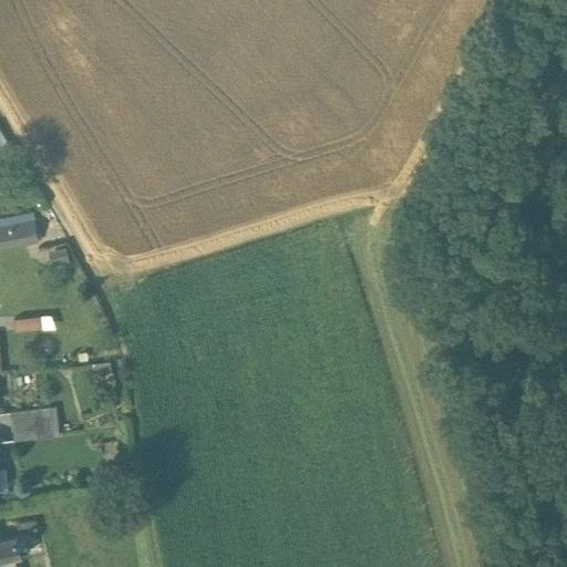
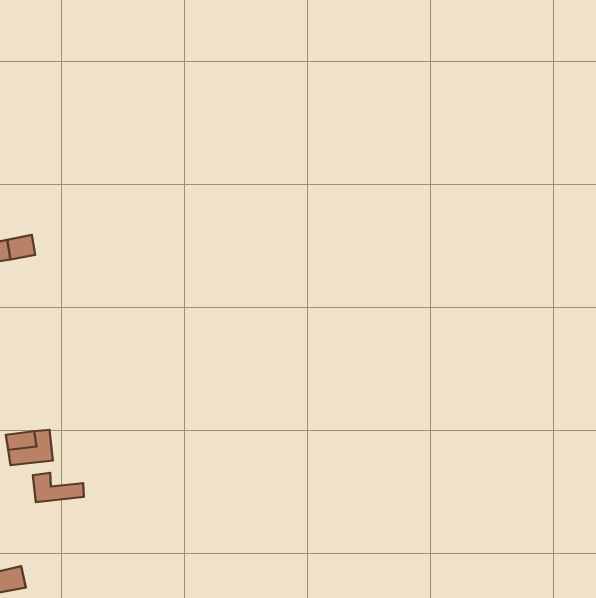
building: none -> [33,473,84,502]

